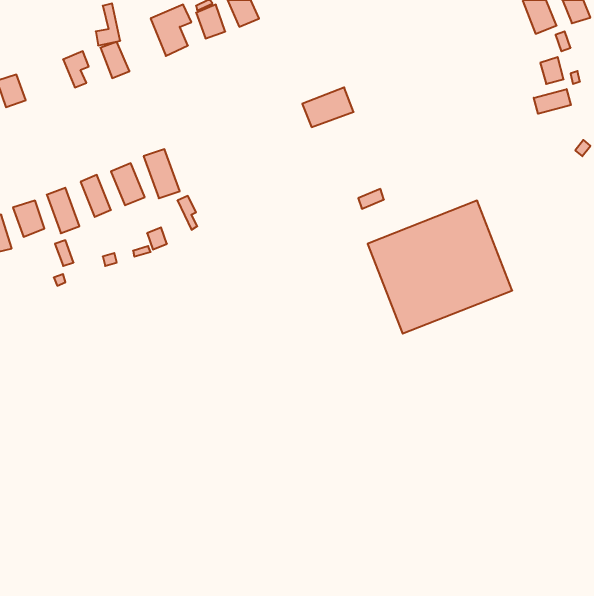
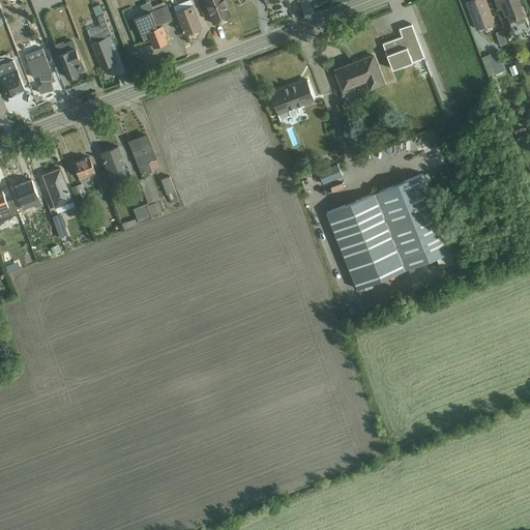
building: none -> [381,23,422,67]
building: none -> [23,48,57,95]
building: none -> [331,52,384,90]
building: [534,89,571,114] -> none

